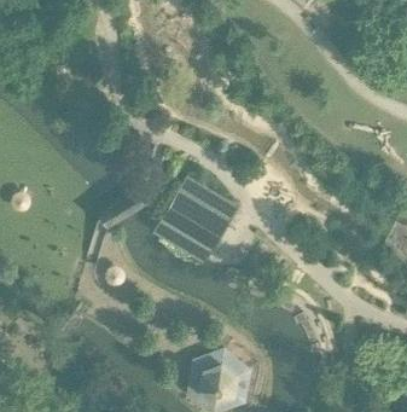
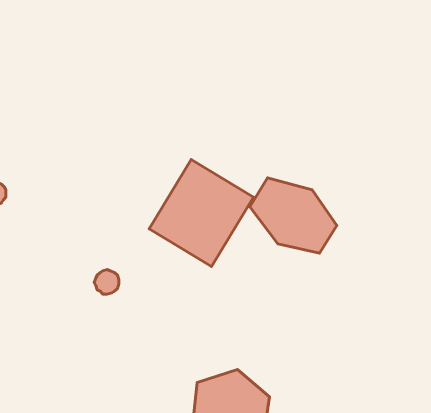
building: none -> [250,178,337,253]

